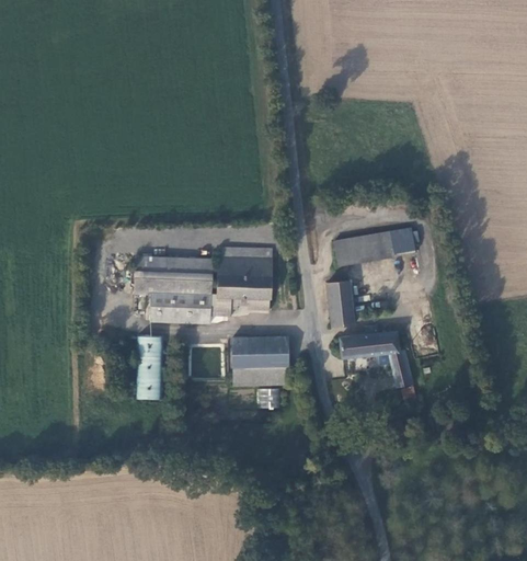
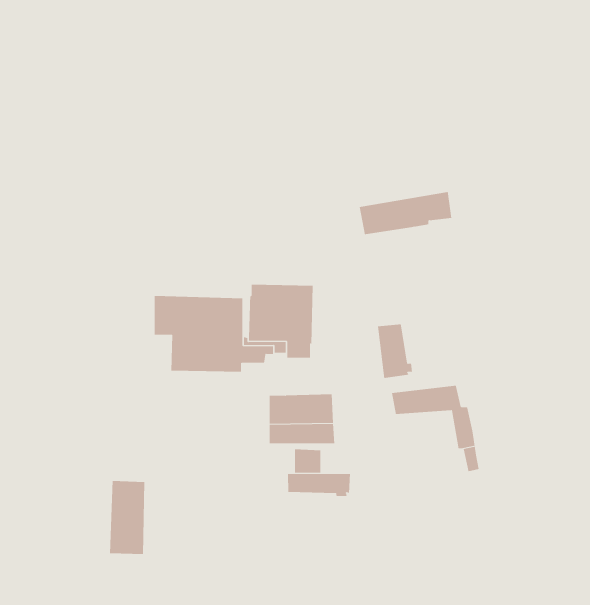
building: [333,228,413,265] -> [359,191,452,235]
building: [133,335,163,399] -> [109,481,145,555]
building: none -> [288,473,350,497]

